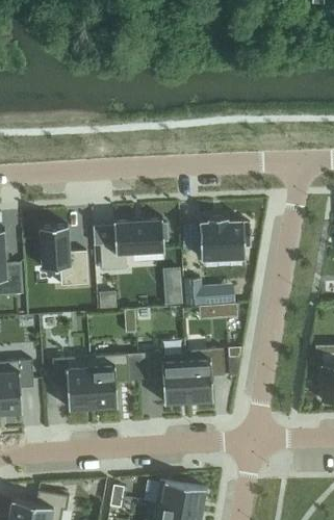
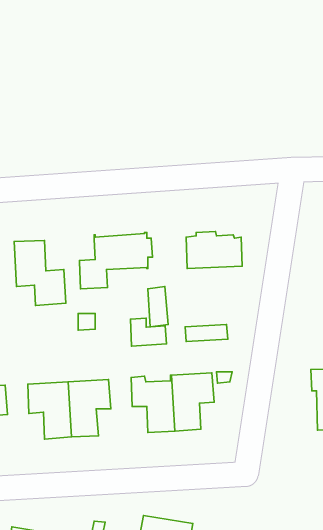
building: [185,279,219,305] -> [130,318,166,346]

